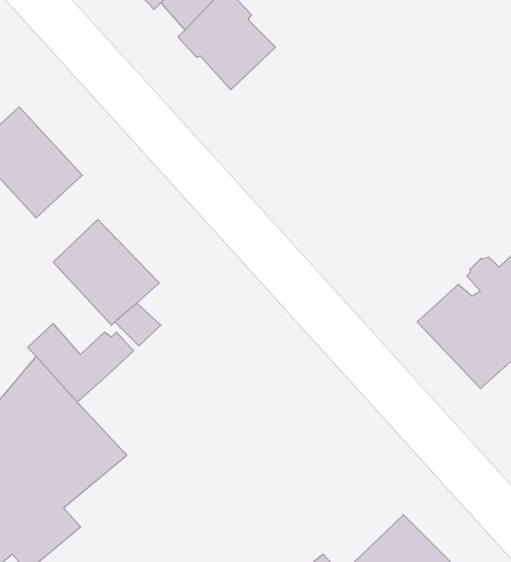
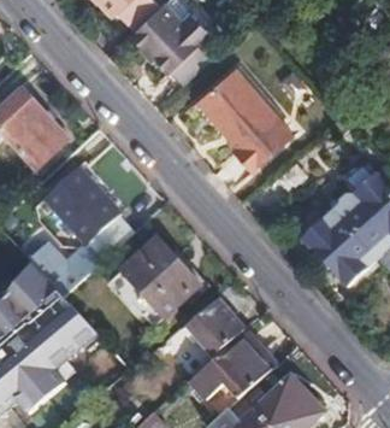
building: none -> [191,63,292,168]
building: none -> [120,239,200,318]
building: none -> [181,300,241,354]
building: none -> [190,333,276,401]

